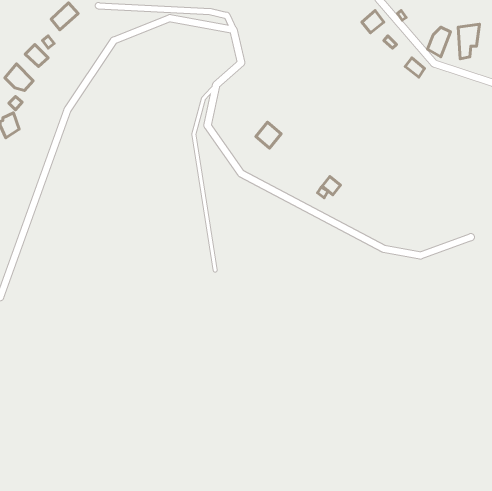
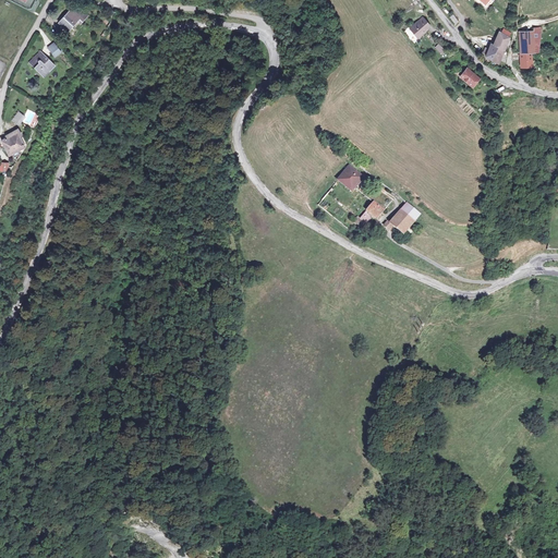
building: [5,64,33,90] -> none
building: [256,122,281,148] -> [337,162,365,192]
building: none -> [389,201,422,234]

